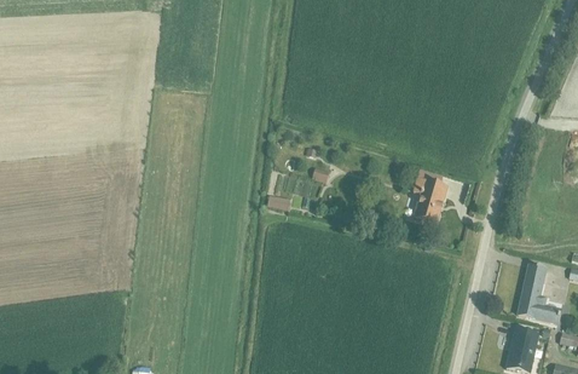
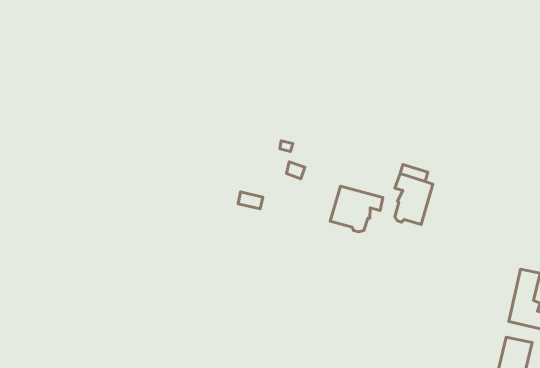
building: none -> [330,186,383,232]

